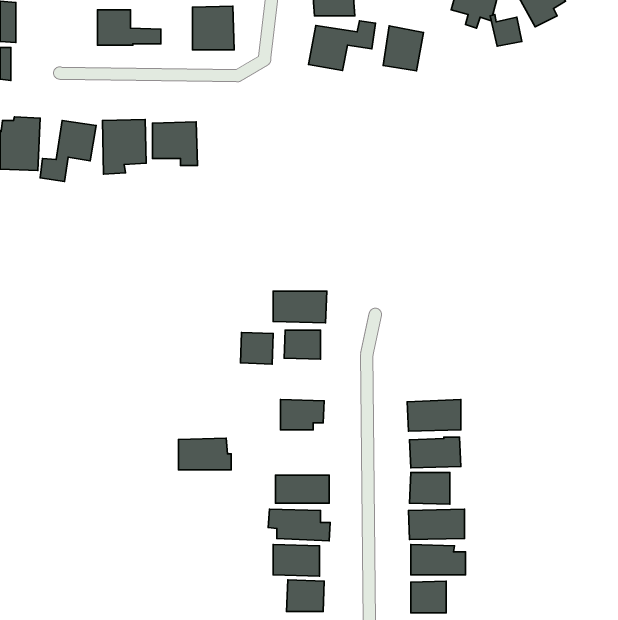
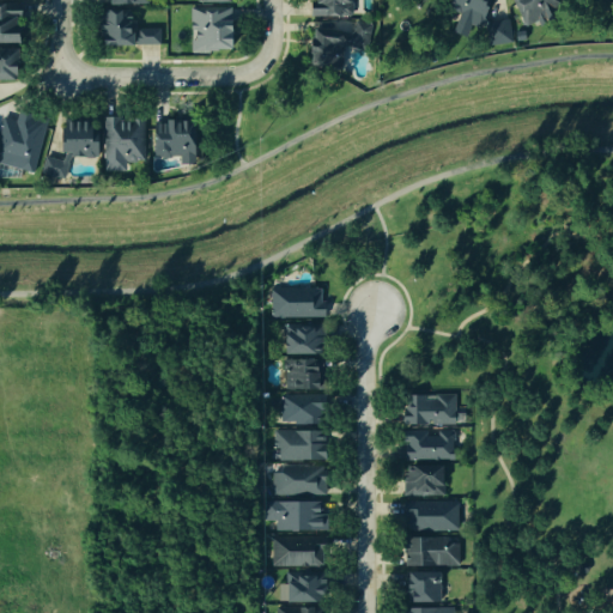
building: [383,26,424,71] -> none
building: [240,332,273,364] -> [286,358,318,389]
building: [179,438,231,470] -> [275,429,327,460]

